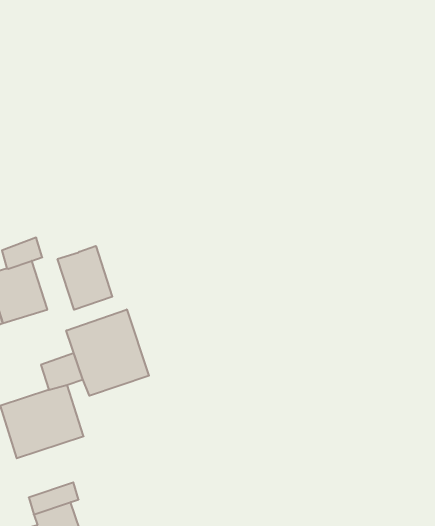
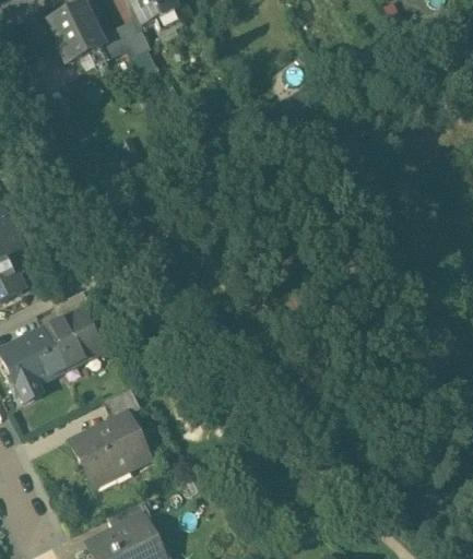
building: [58,246,112,310] -> none
building: [66,309,149,396] -> none

